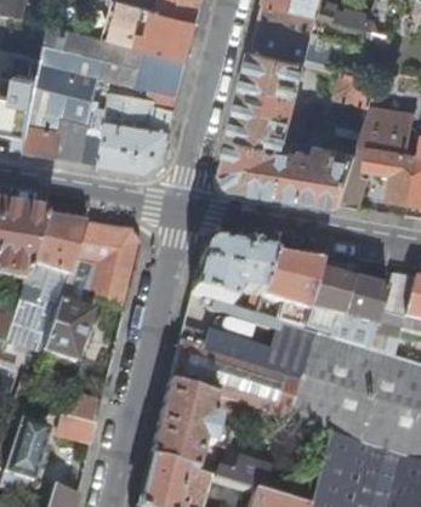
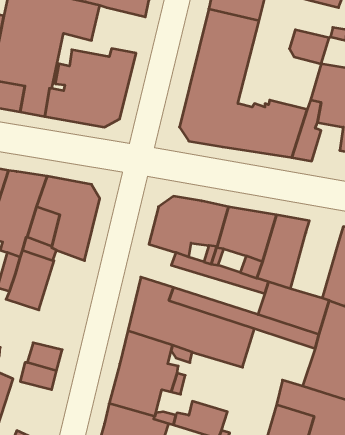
building: [137,49,187,96] -> none
building: [337,281,387,349] -> none
building: [288,381,363,440] -> none

